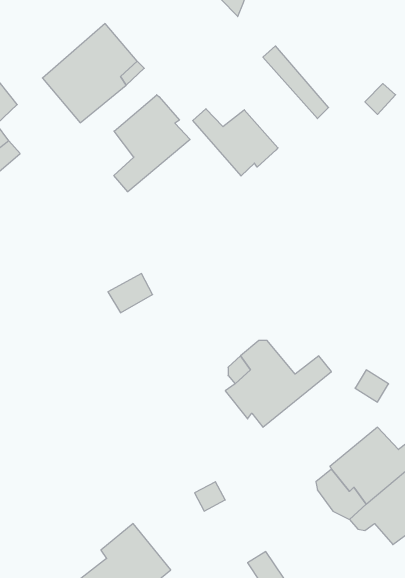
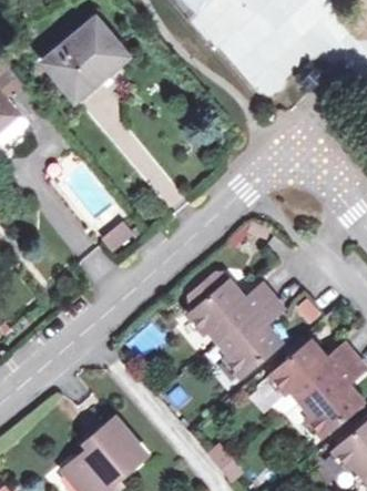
building: [114,95,190,192] -> none
building: [193,109,278,176] -> none
building: none -> [220,296,284,375]

